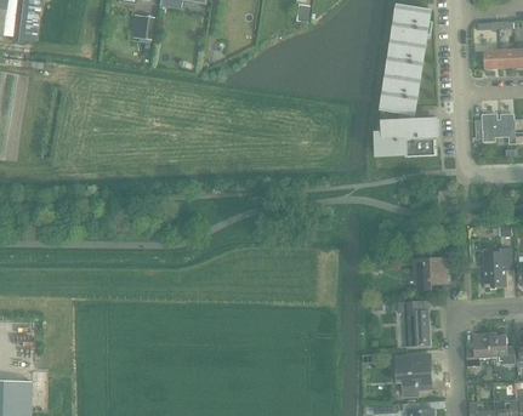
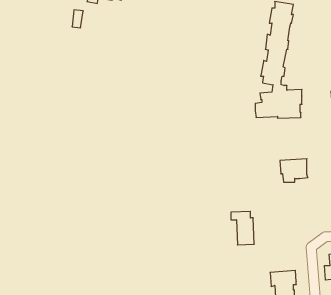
building: [413,258,449,289] -> [280,159,308,182]
building: [398,302,428,346] -> [231,211,254,245]

